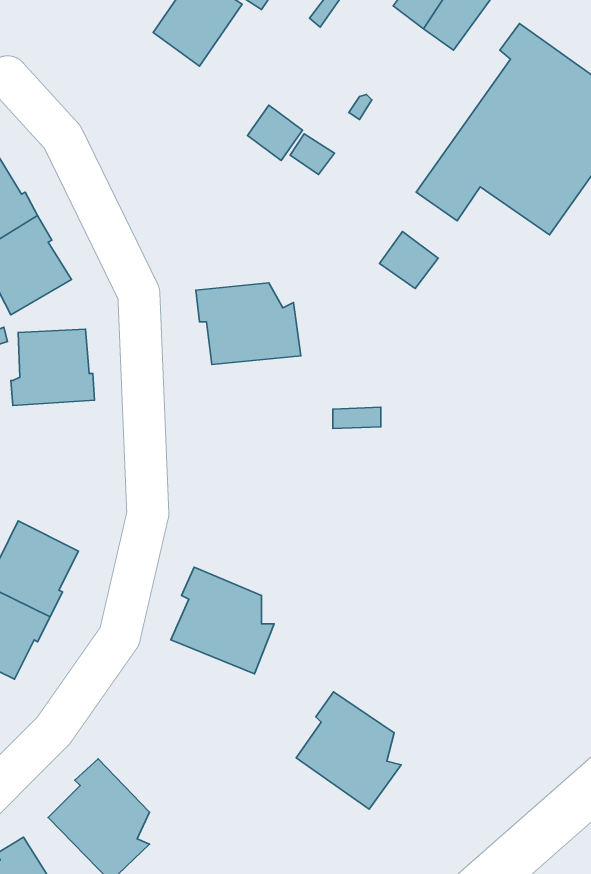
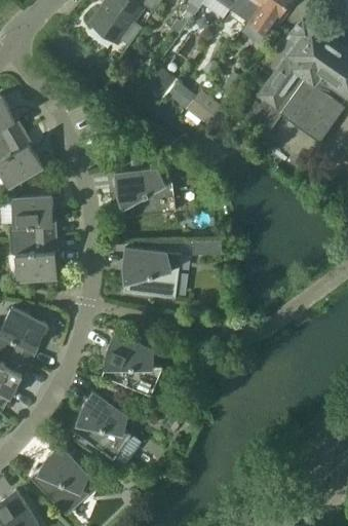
building: [379,232,438,288] -> [187,89,221,122]
building: none -> [9,236,57,280]
building: none -> [122,248,179,298]
building: [296,692,401,809] -> [71,391,131,459]

